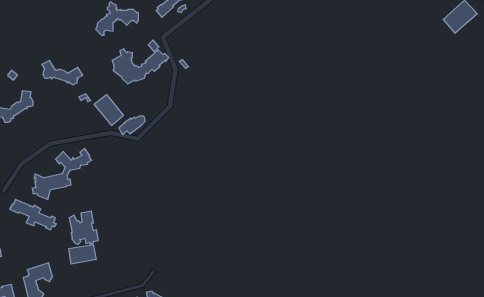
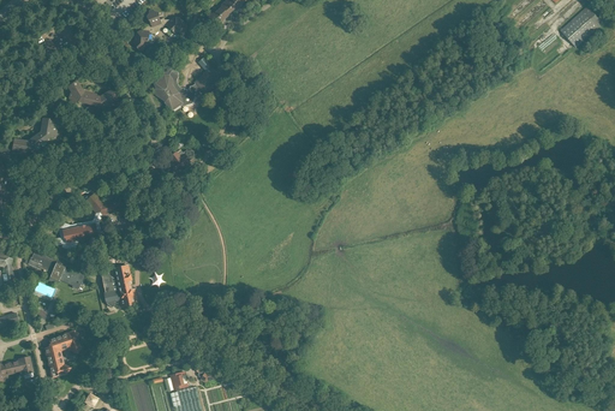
building: [94,95,123,125] -> none
building: [69,245,96,264] -> none

